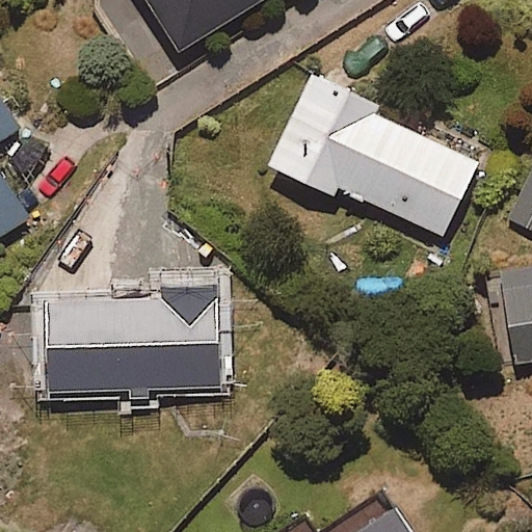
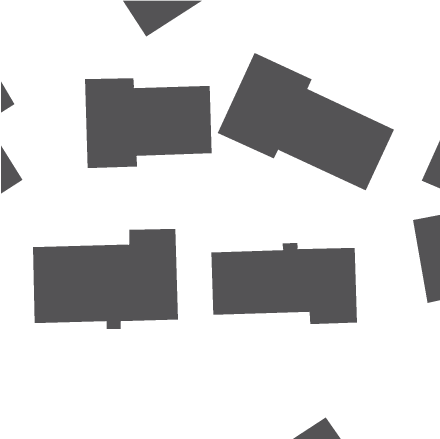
building: none -> [85,78,212,169]
building: none -> [211,242,358,325]

